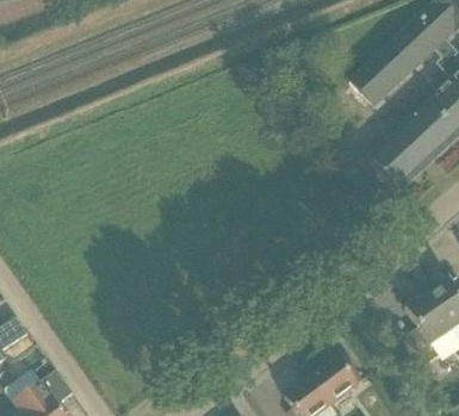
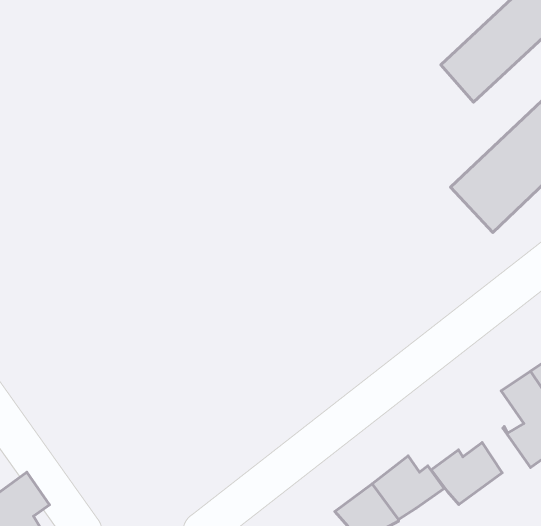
building: none -> [431,443,502,504]

